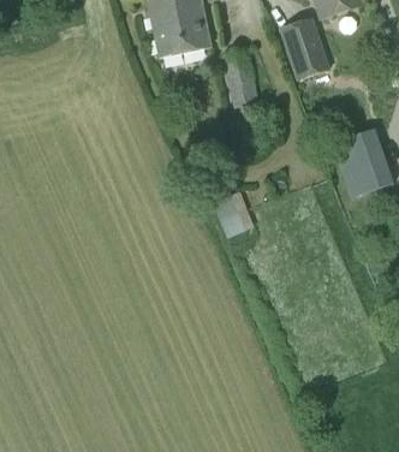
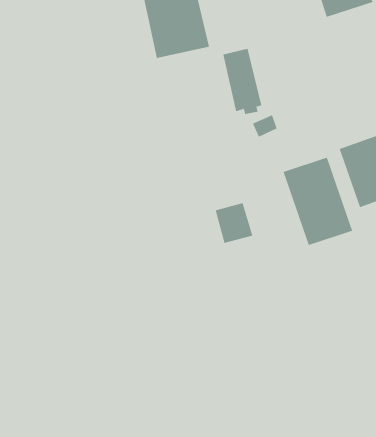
building: [280,16,330,79] -> none
building: none -> [283,157,353,246]

